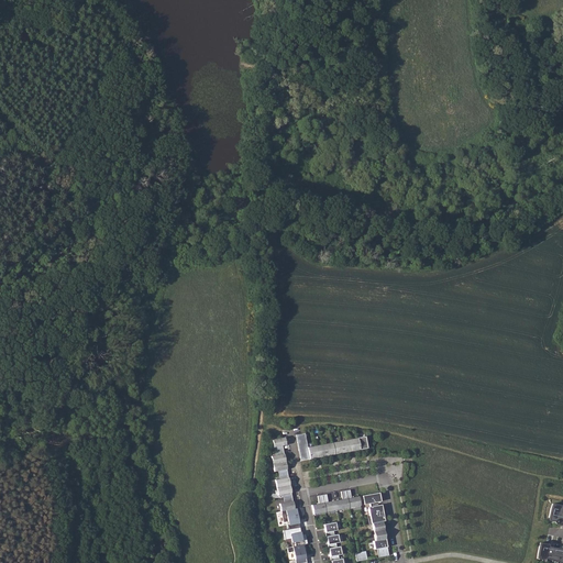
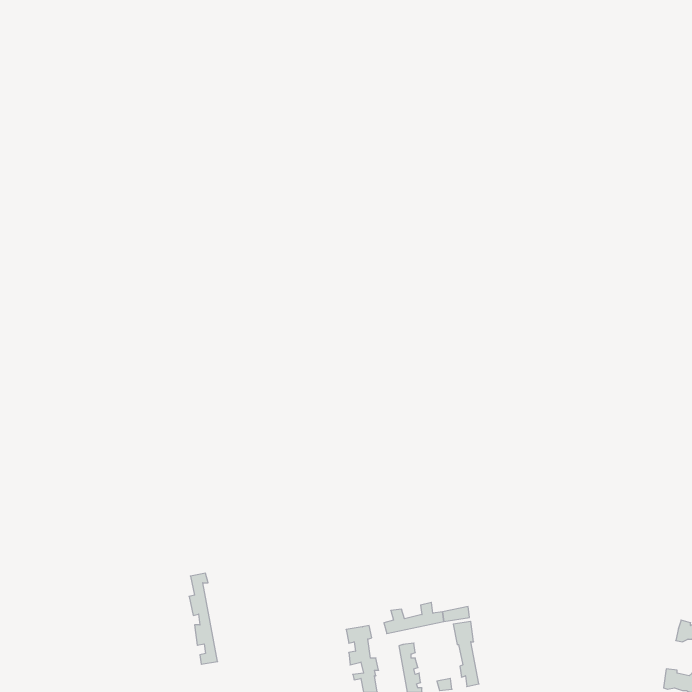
building: [297,432,368,460] -> none
building: [272,437,295,510] -> [189,573,218,664]

